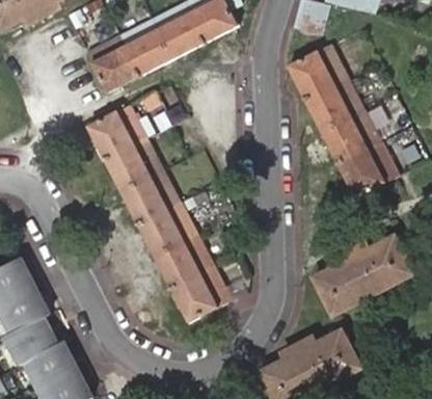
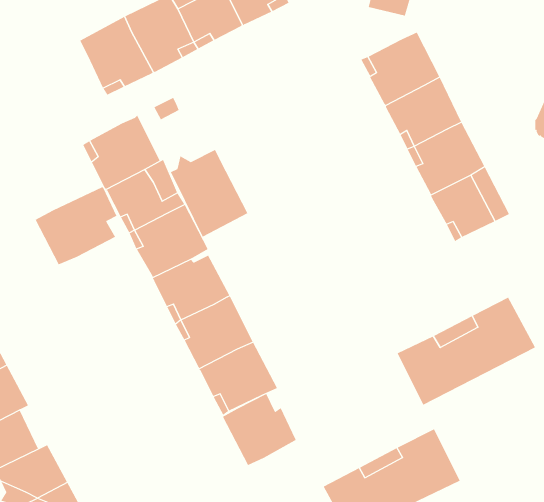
building: none -> [170,149,248,237]
building: none -> [35,186,117,265]
building: none -> [222,393,297,466]

